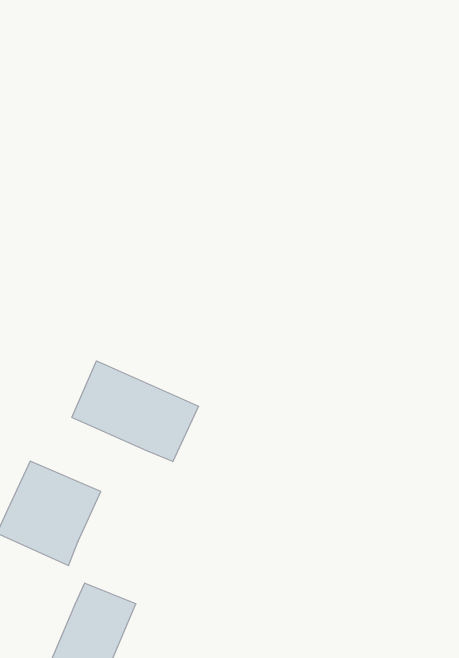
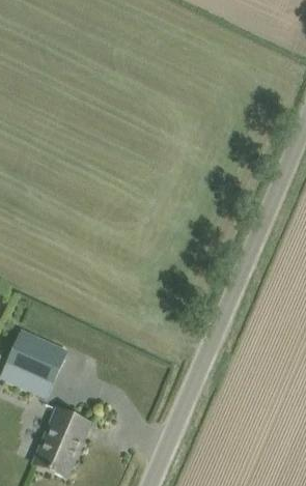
building: [72,361,199,462] -> none

